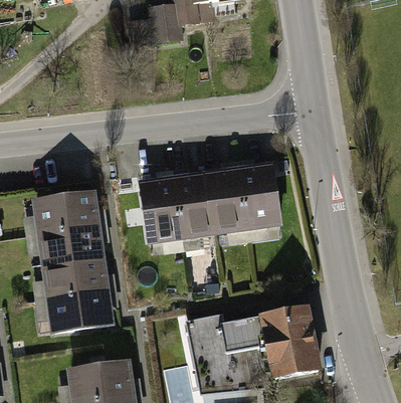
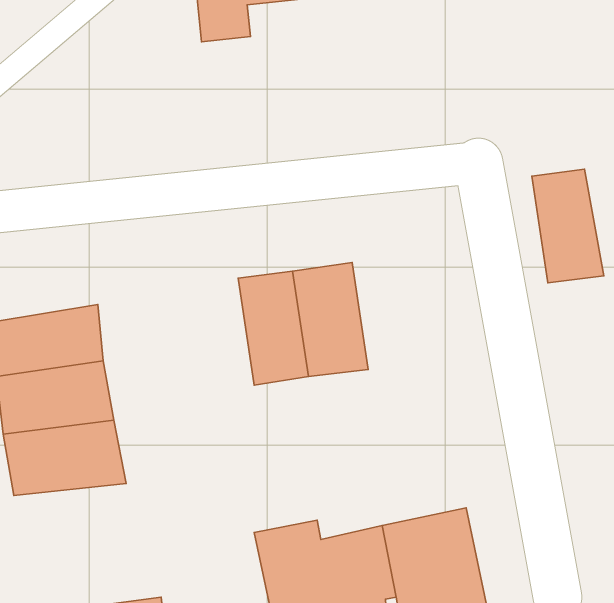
building: [240,163,281,228] -> [532,169,604,283]
building: [140,176,184,243] -> none
building: [46,293,118,337] -> none

